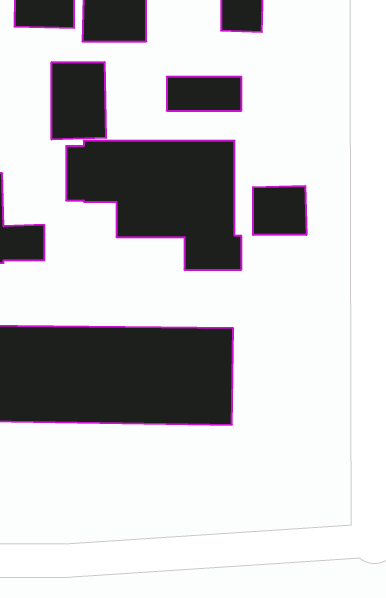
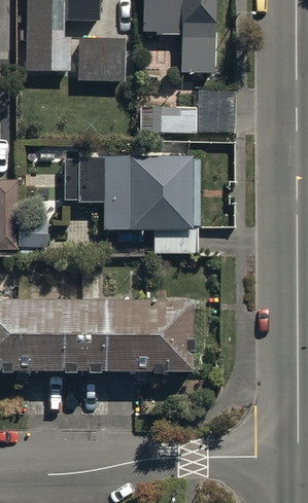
building: [52,62,106,140] -> none
building: [253,186,306,235] -> none

